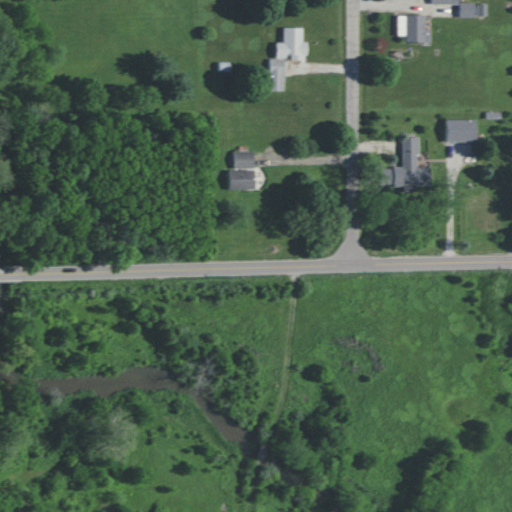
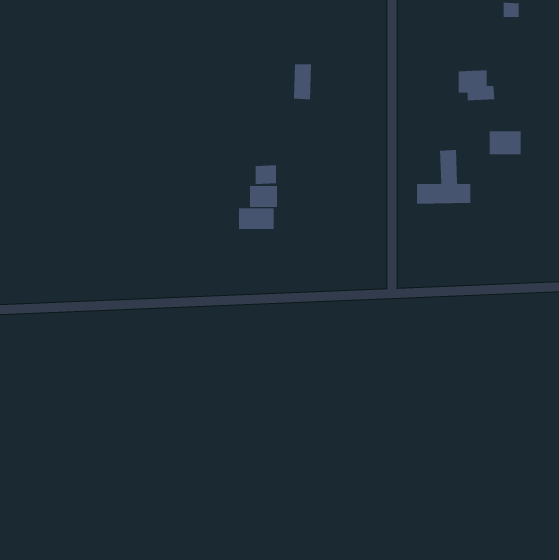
building: [398,15,432,43] -> [458,70,495,101]
building: [276,28,306,61] -> none
building: none -> [239,208,274,230]

